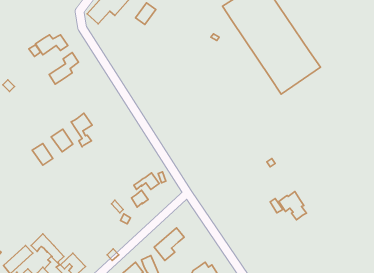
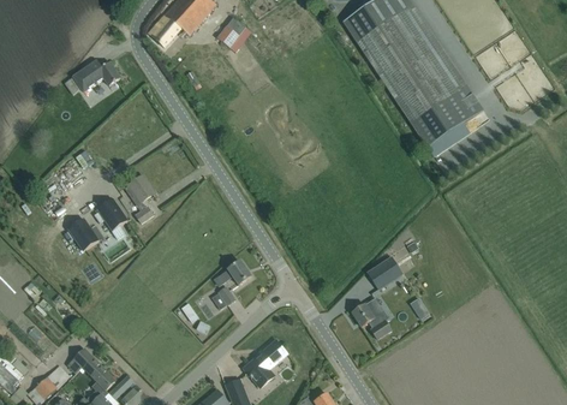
building: [49,53,78,84] -> none
building: none -> [358,258,393,292]
building: [279,191,306,220] -> [352,298,392,339]

